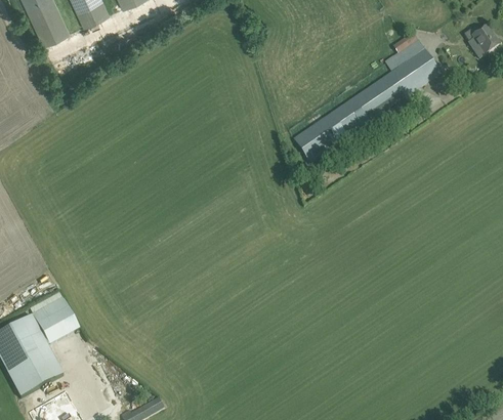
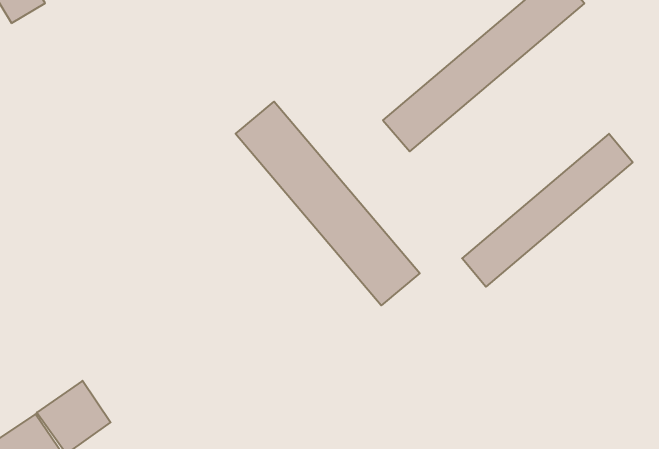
building: none -> [236,102,420,305]
building: none -> [462,134,633,287]

